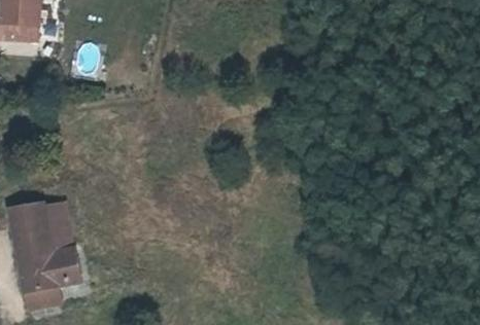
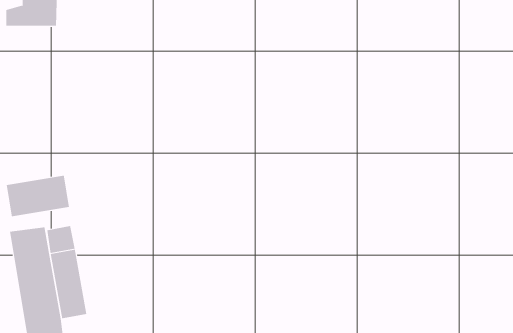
building: none -> [6,175,70,217]

